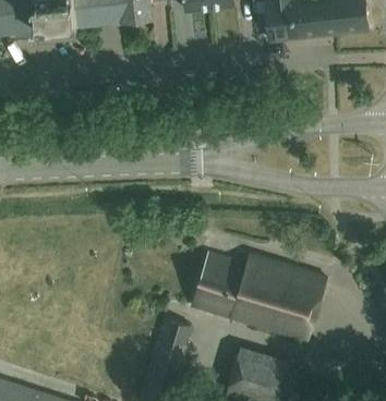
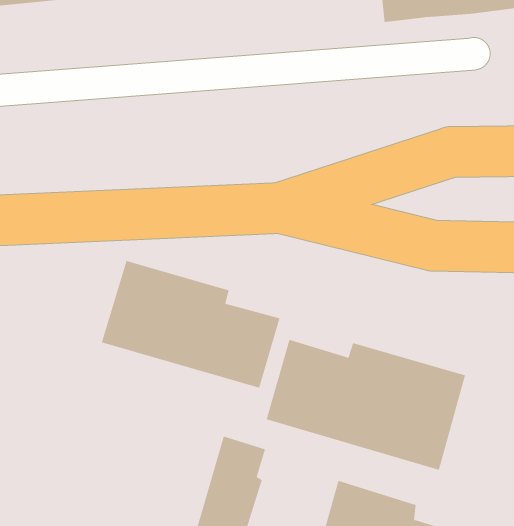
building: none -> [101,260,280,388]

